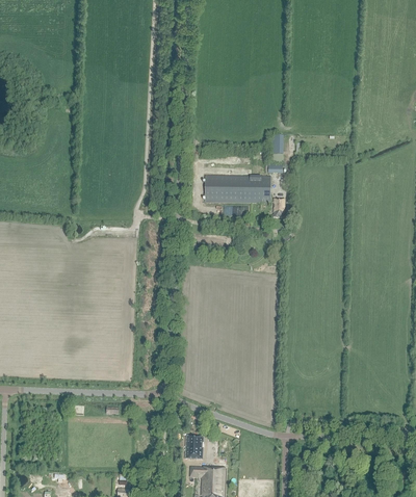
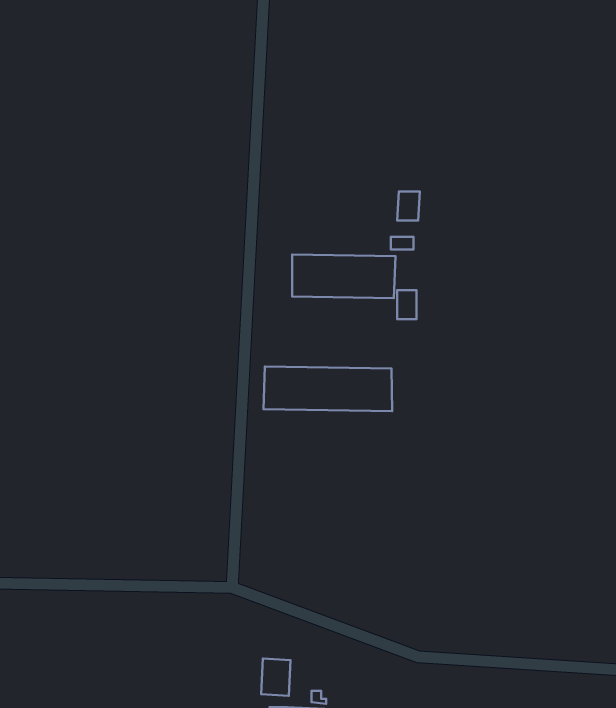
building: none -> [263,367,392,411]

